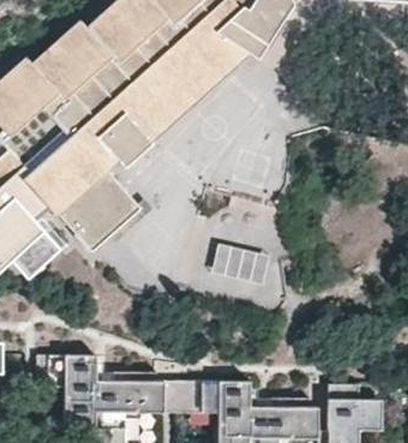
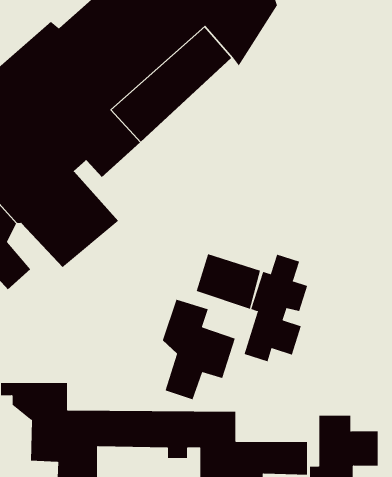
building: none -> [244,254,308,362]
building: none -> [162,299,236,400]

